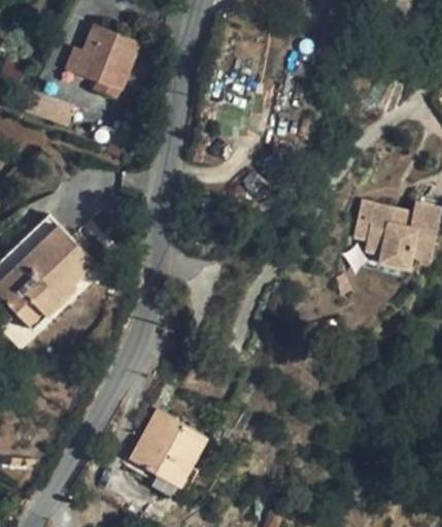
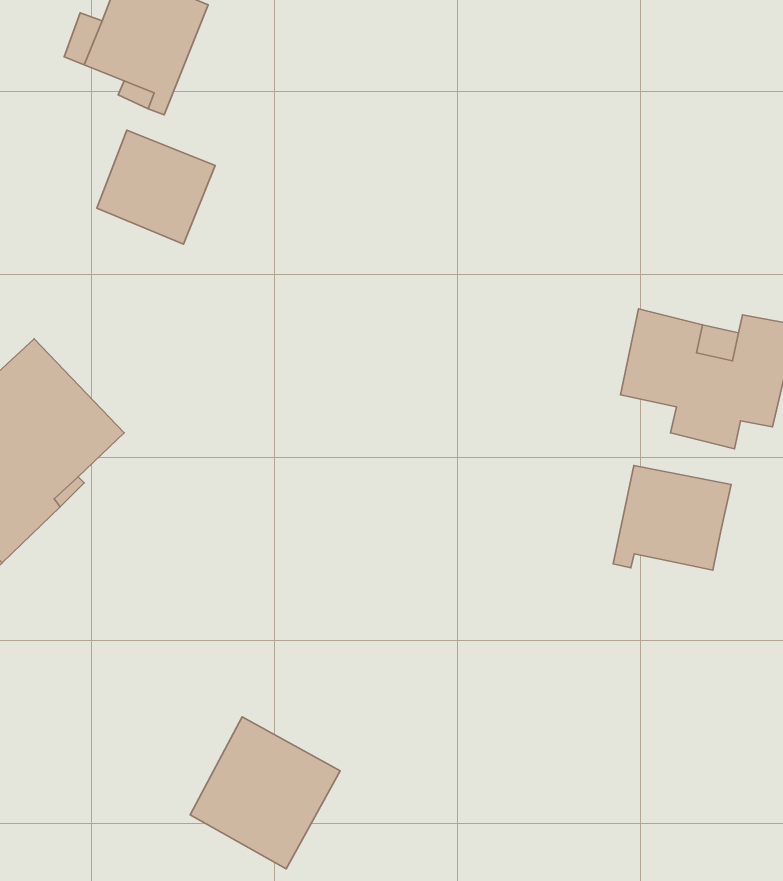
building: none -> [97,130,215,244]
building: none -> [613,465,731,570]

